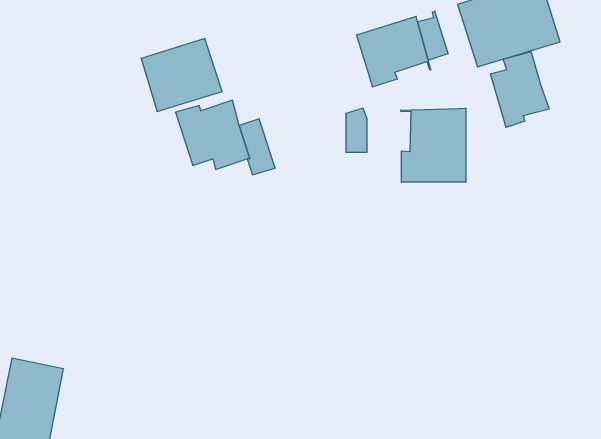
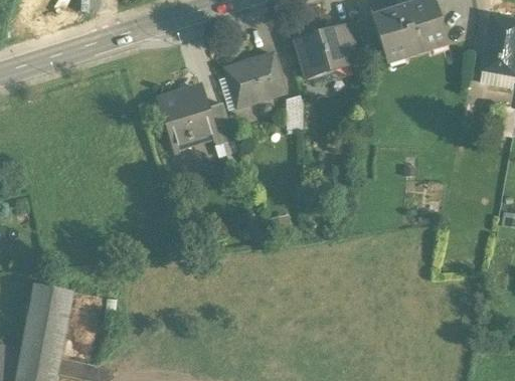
building: [141,38,222,112] -> [224,51,286,107]
building: [491,51,549,127] -> none
building: [401,108,466,182] -> none

